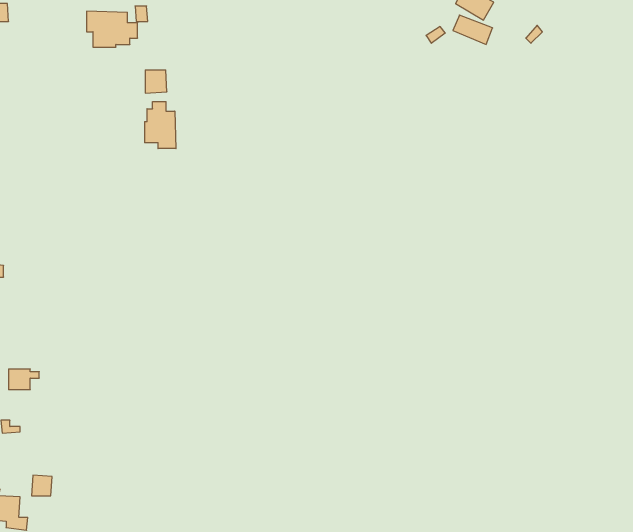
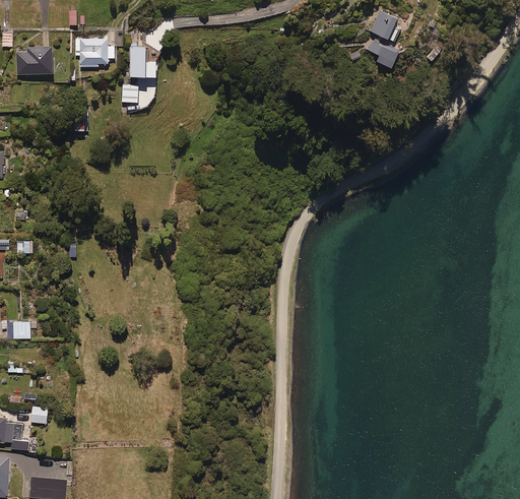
building: none -> [15,47,53,74]
building: none -> [130,47,157,77]
building: [145,102,176,149] -> none

